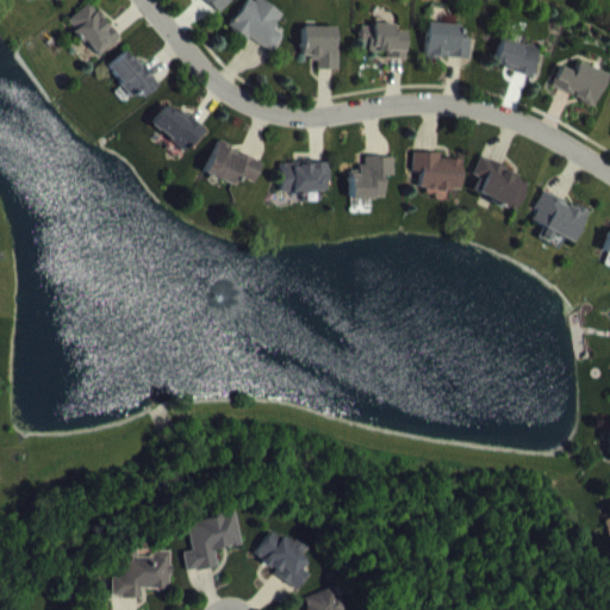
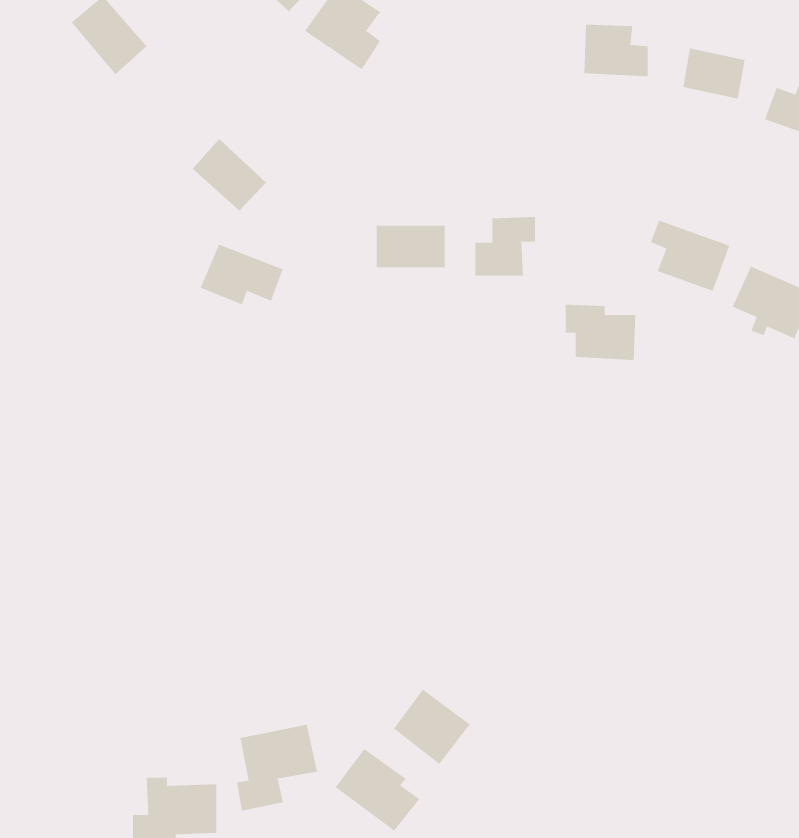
building: [365,24,407,58] -> none
building: [303,25,342,69] -> none
building: [107,49,160,97] -> none
building: [205,142,263,185] -> [200,244,283,305]
building: [412,151,462,191] -> [565,304,636,360]
building: none -> [393,689,470,765]

